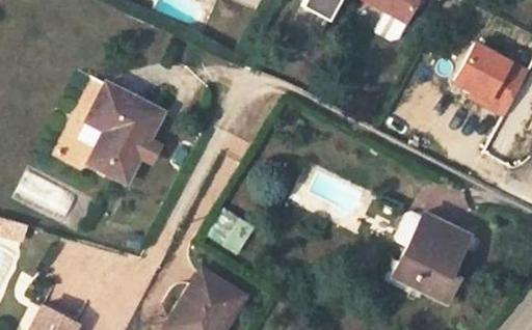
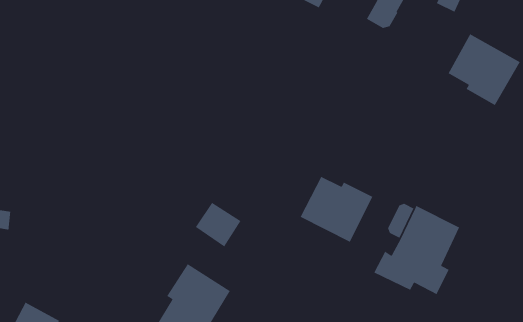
building: [88,82,162,180] -> none
building: none -> [299,176,373,243]

